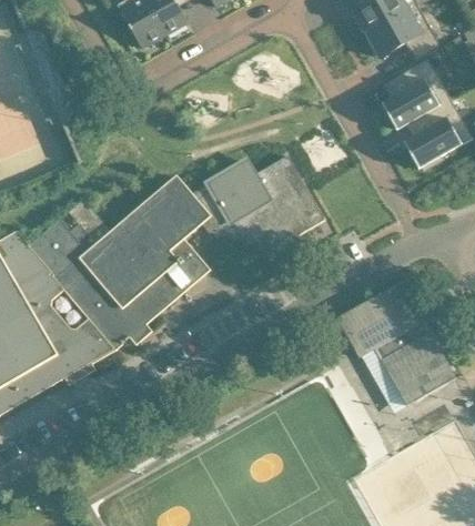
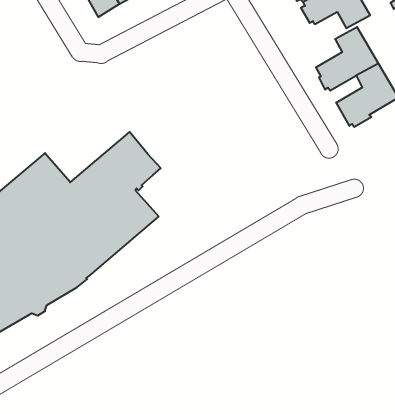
building: [195,155,323,241] -> none
building: [336,281,455,406] -> none

